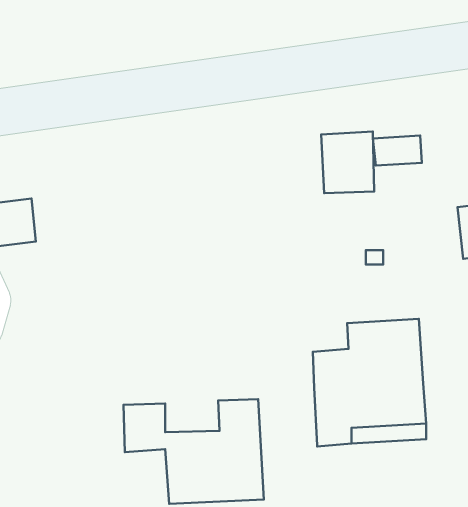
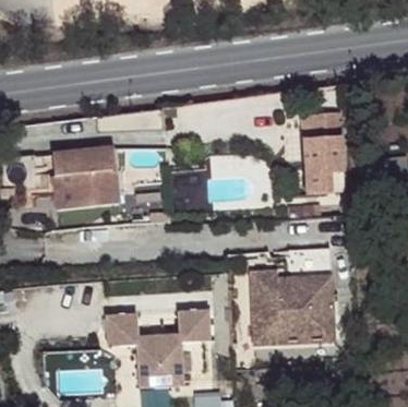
building: [321,131,374,193] -> [302,136,343,183]
building: none -> [52,146,119,208]

